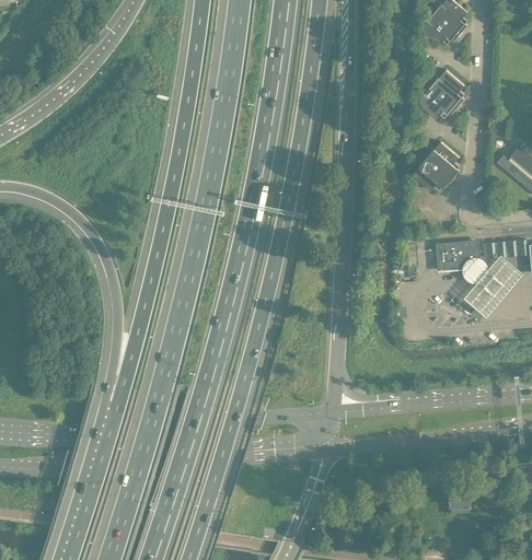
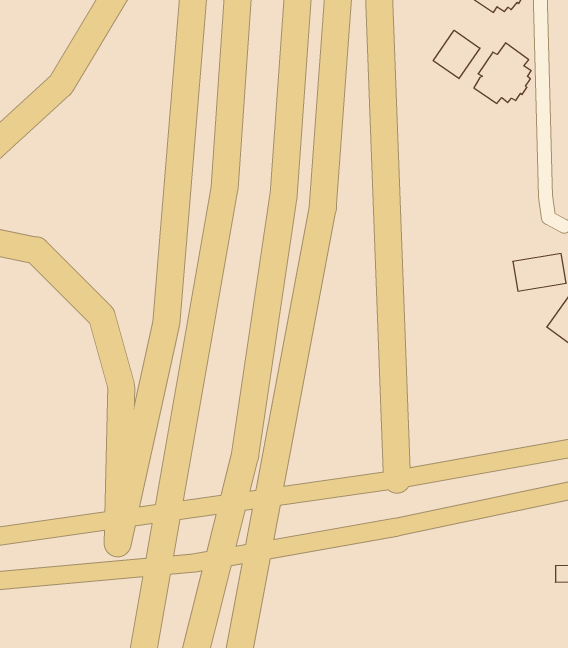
building: none -> [433,30,480,79]
building: [413,140,460,188] -> none

